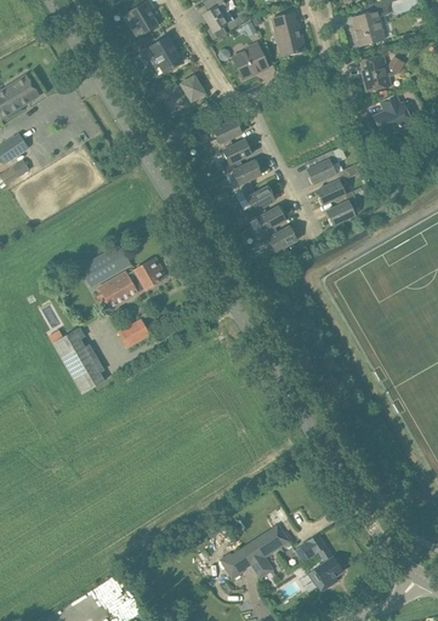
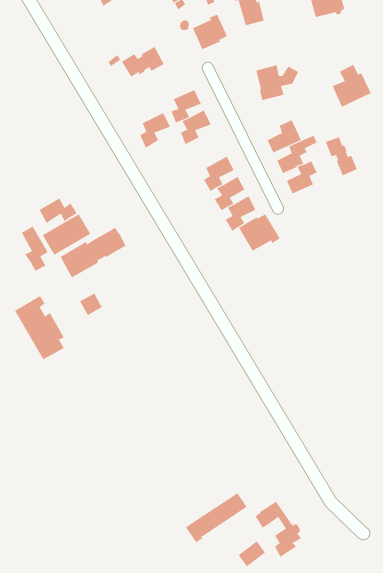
building: [143,36,182,73] -> none
building: [360,55,404,91] -> [255,65,299,101]
building: [229,160,261,196] -> [140,112,171,148]
building: none -> [325,137,358,176]
building: none -> [39,197,78,224]
building: none -> [238,212,280,252]
building: none -> [21,226,48,271]

